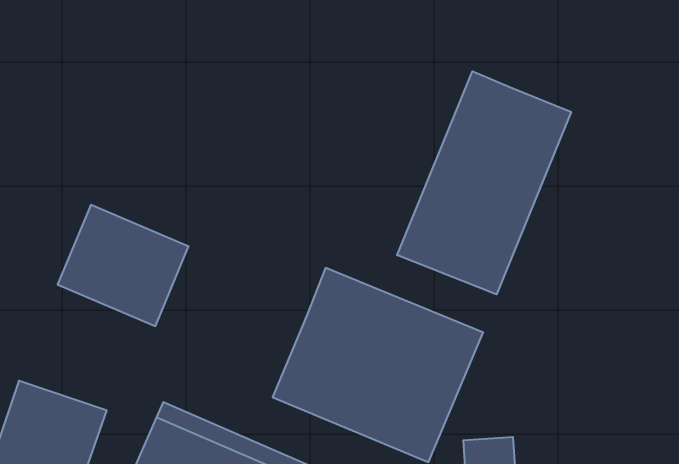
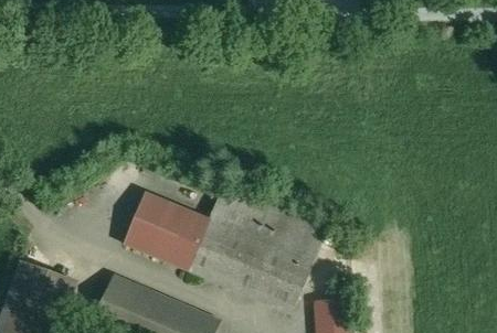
building: [397,71,571,294] -> none
building: [58,205,189,326] -> [121,190,209,270]

